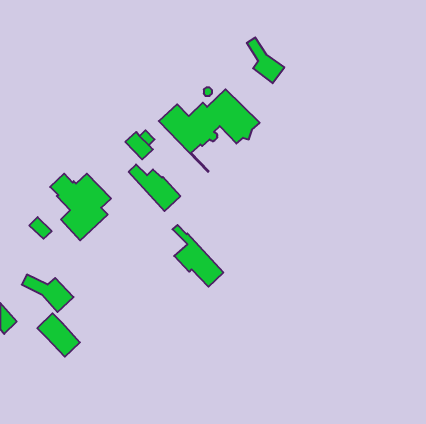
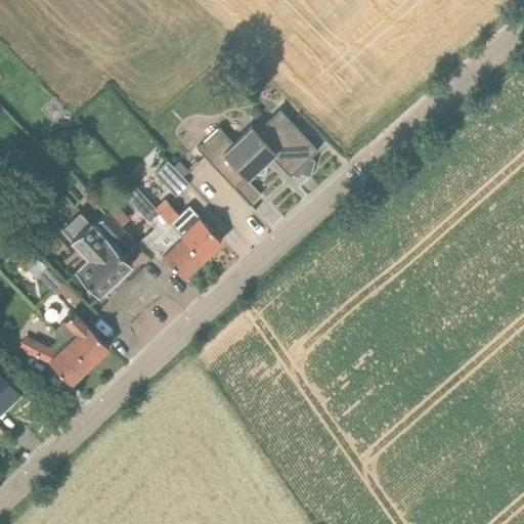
building: [247,37,284,83] -> none
building: [172,225,223,287] -> [140,204,203,279]
building: [37,313,80,357] -> [57,314,110,367]

